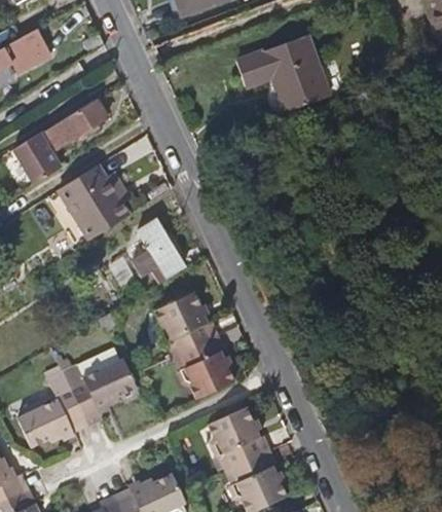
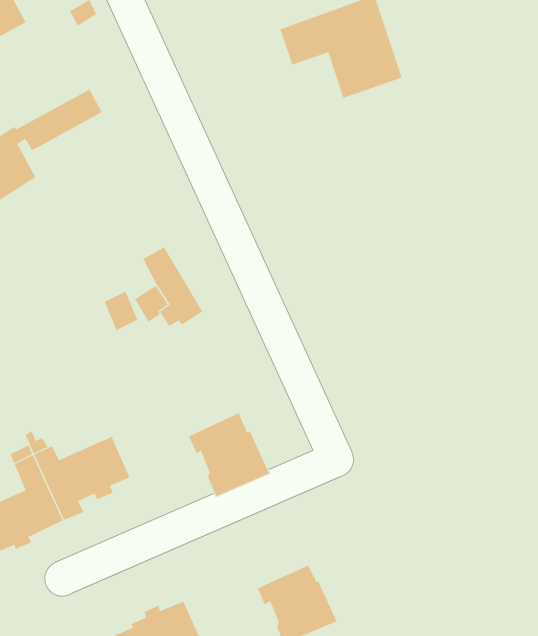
building: [61,163,132,239] -> none
building: [155,297,213,359] -> none
building: [207,408,264,472] -> none

